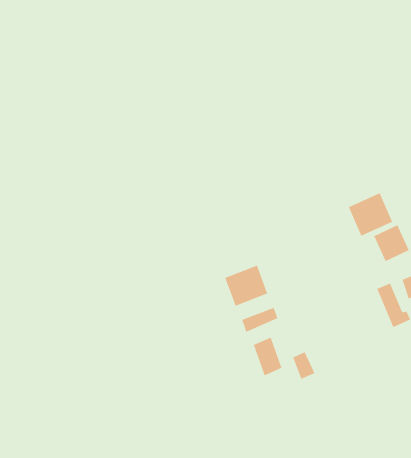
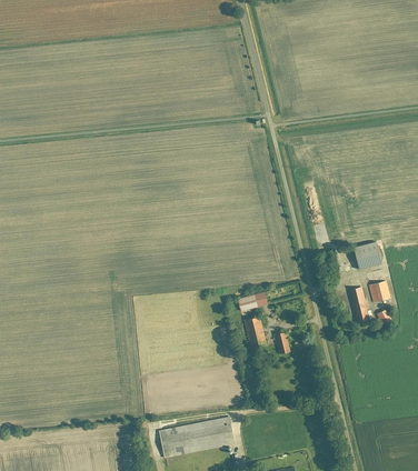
building: [348,192,393,237] -> none
building: [224,265,268,307] -> none

